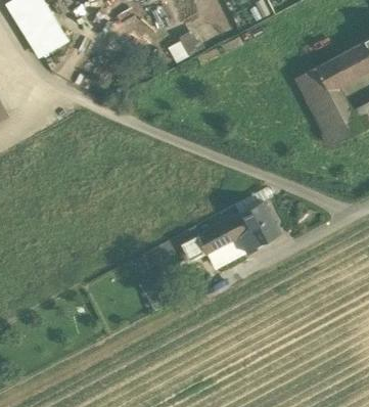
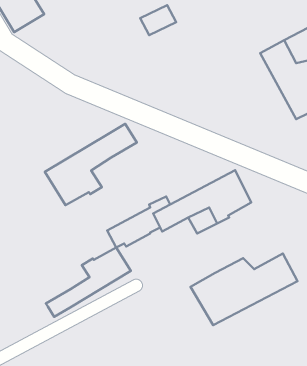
building: none -> [45,124,137,205]
building: none -> [46,247,131,317]
building: none -> [191,254,297,325]

